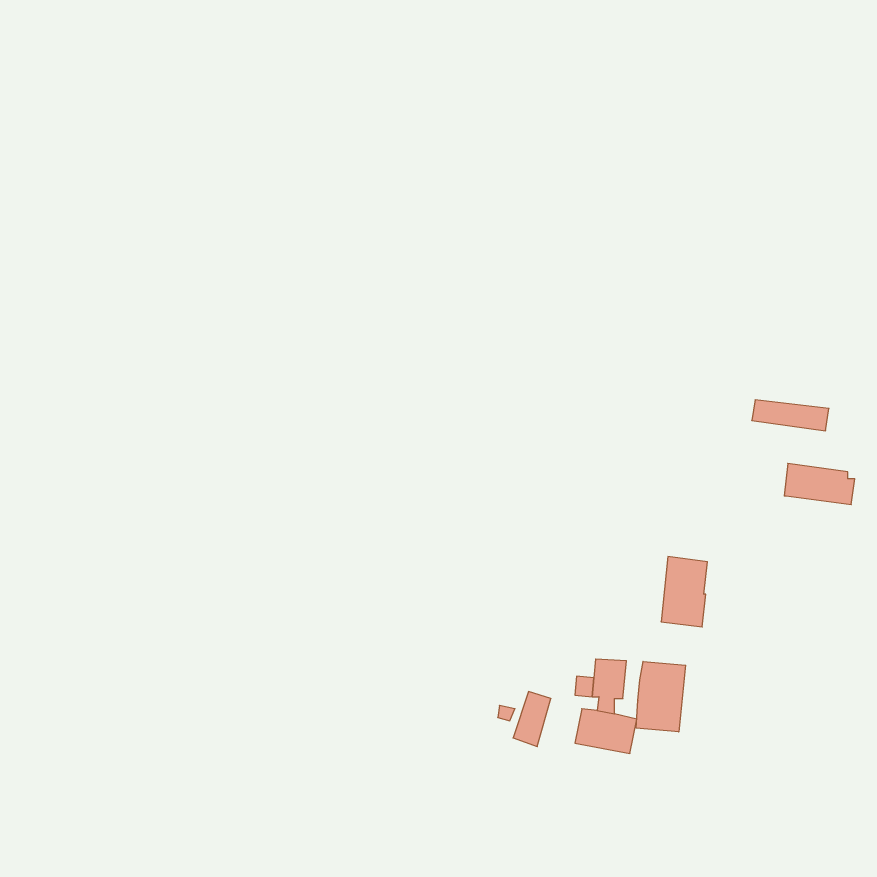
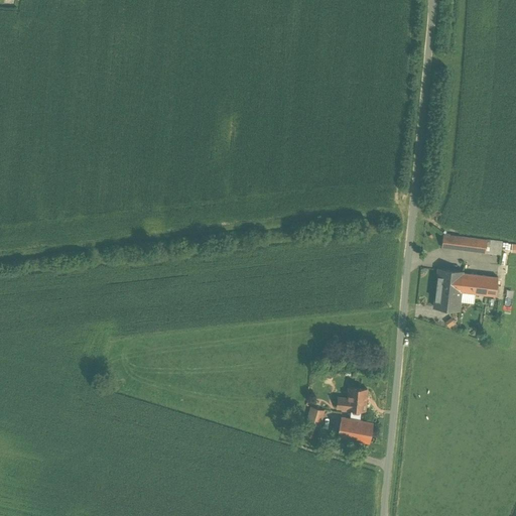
building: [661,557,707,627] -> [435,269,463,310]
building: [636,661,686,732] -> none

